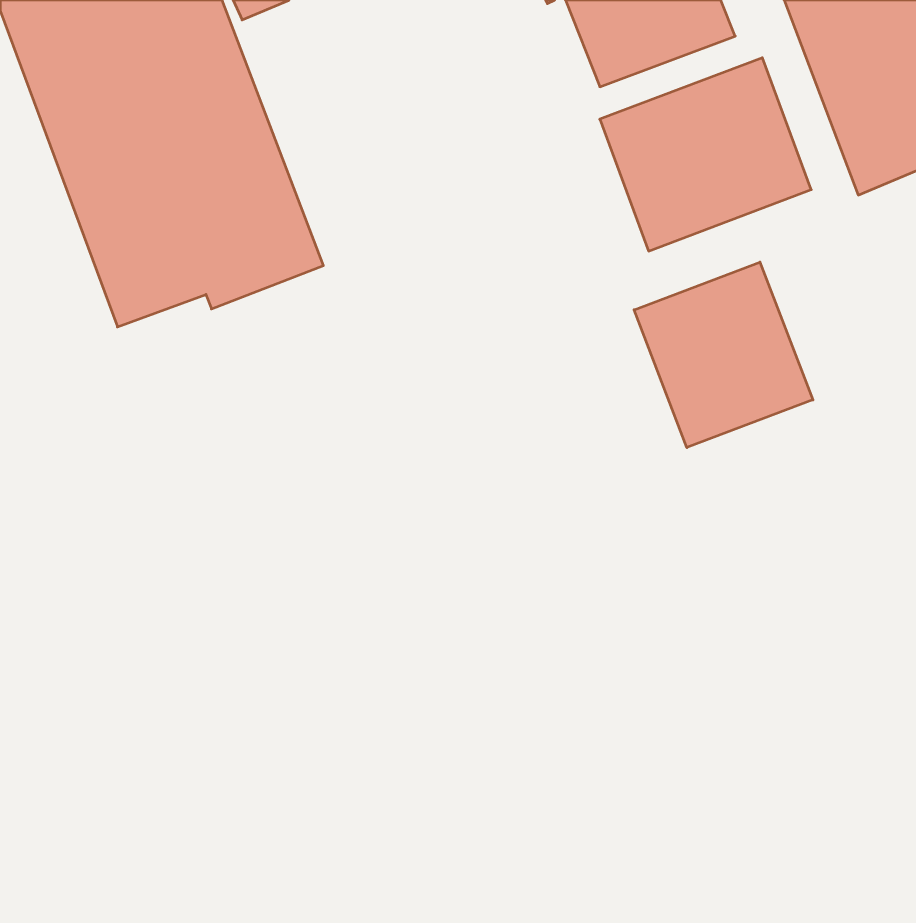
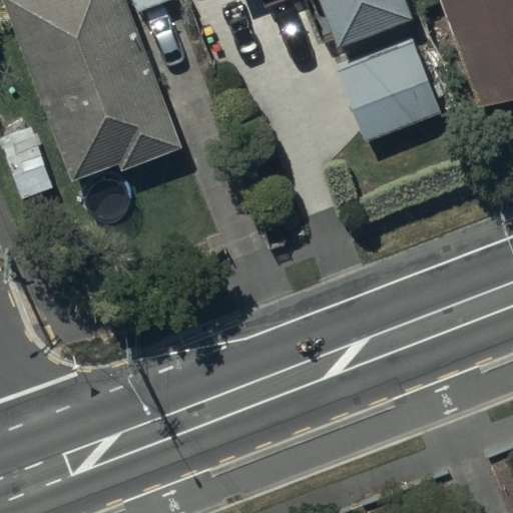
building: [634,262,813,448] -> none

